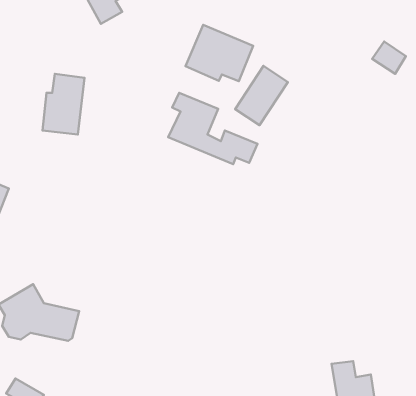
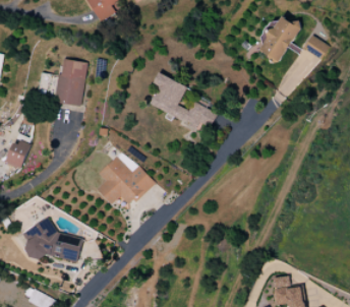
building: [186,25,253,81] -> none
building: [235,66,288,125] -> [260,17,300,62]
building: none -> [97,150,154,206]

